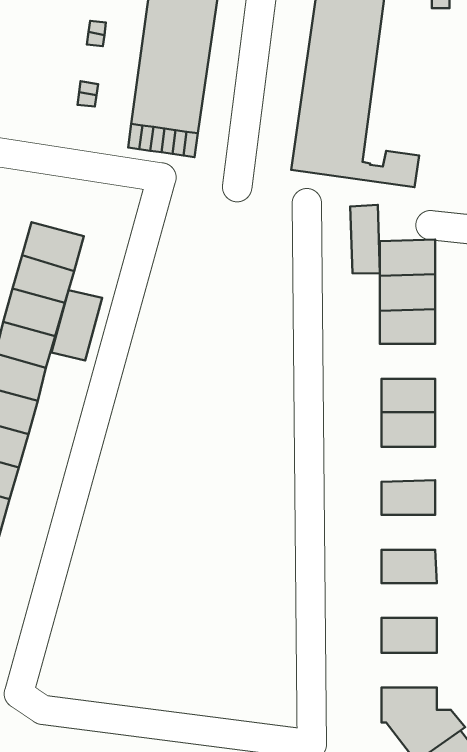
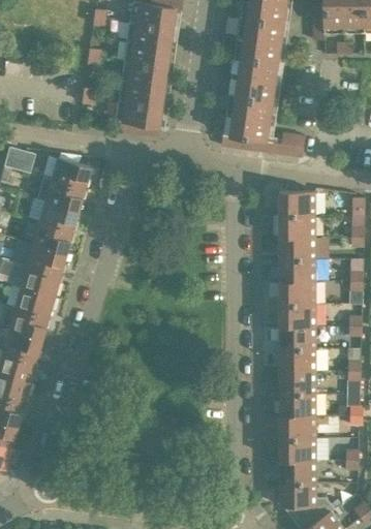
building: none -> [52,156,92,188]
building: [350,205,380,273] -> none
building: [52,290,102,361] -> none
building: none -> [279,258,315,281]
building: none -> [280,325,315,348]
building: none -> [280,370,315,393]
building: none -> [280,414,316,437]
building: none -> [280,460,316,483]

